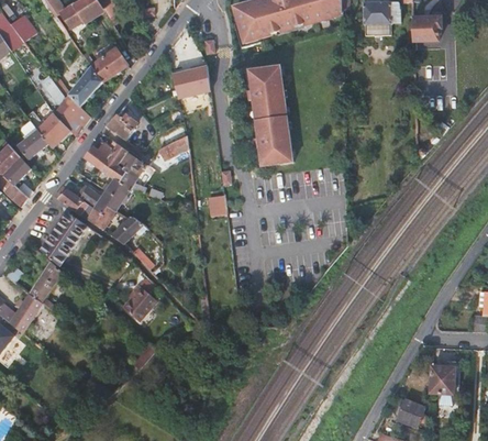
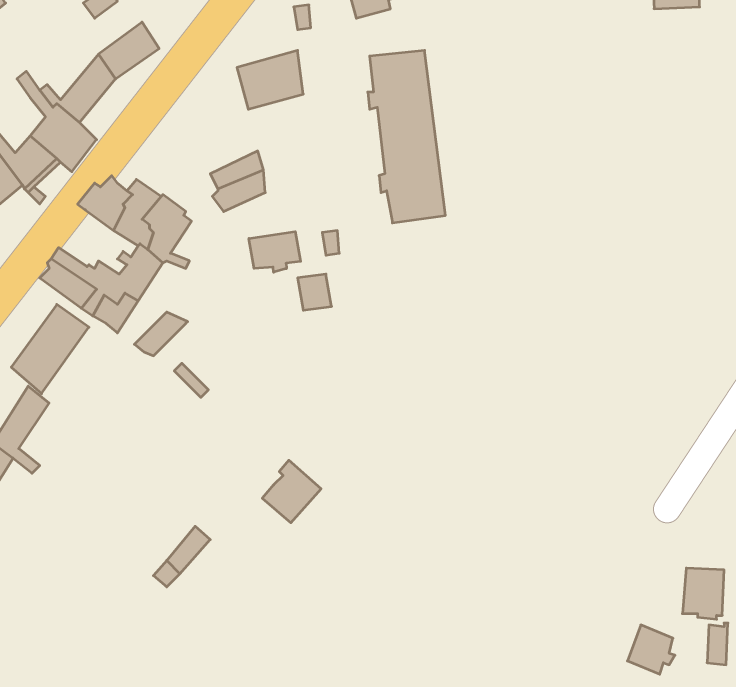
building: [106,113,141,148] -> none
building: none -> [249,232,301,272]
building: [123,284,157,320] -> [262,460,321,523]

